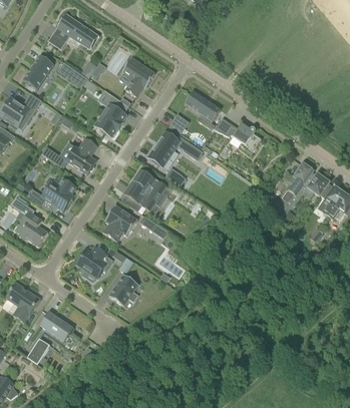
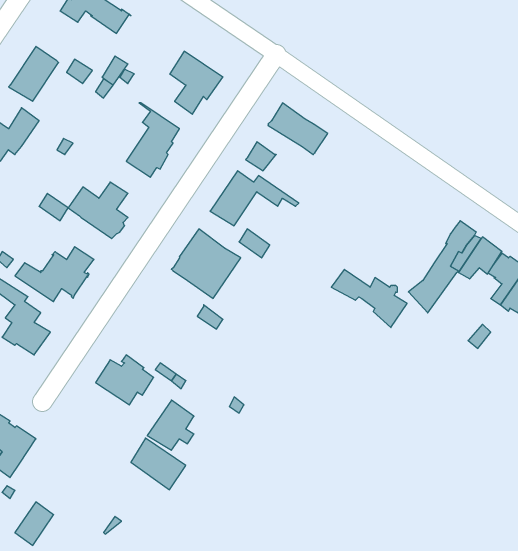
building: [214,118,261,154] -> [331,269,407,328]
building: [102,206,137,243] -> none
building: [39,311,73,343] -> [131,438,186,490]

